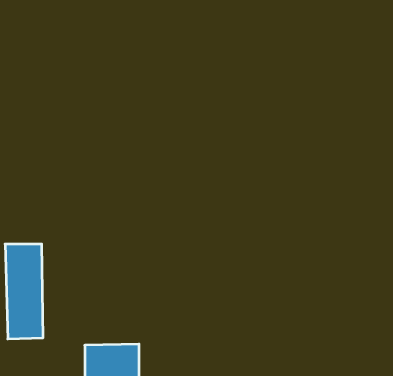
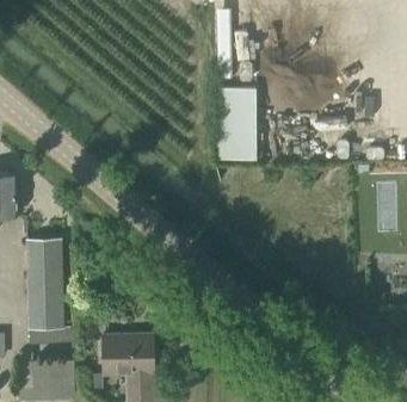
building: none -> [220,92,263,160]

